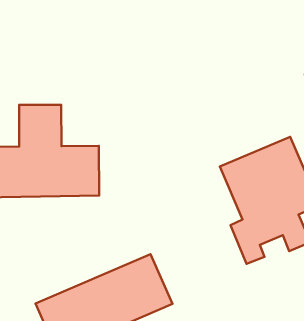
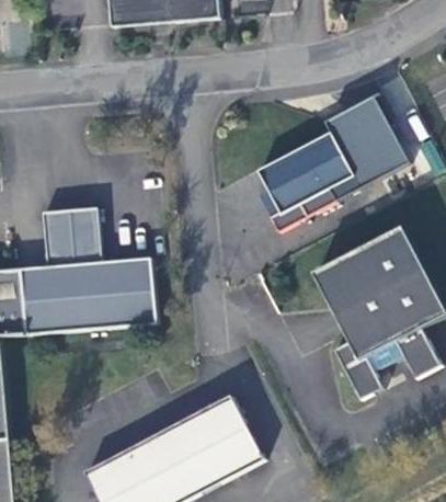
building: none -> [256,95,408,230]

